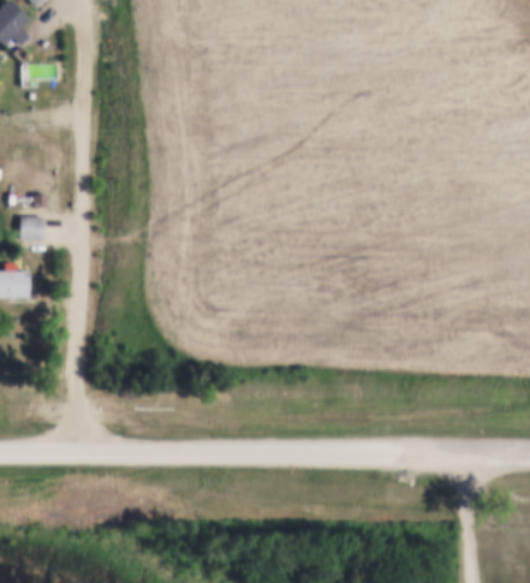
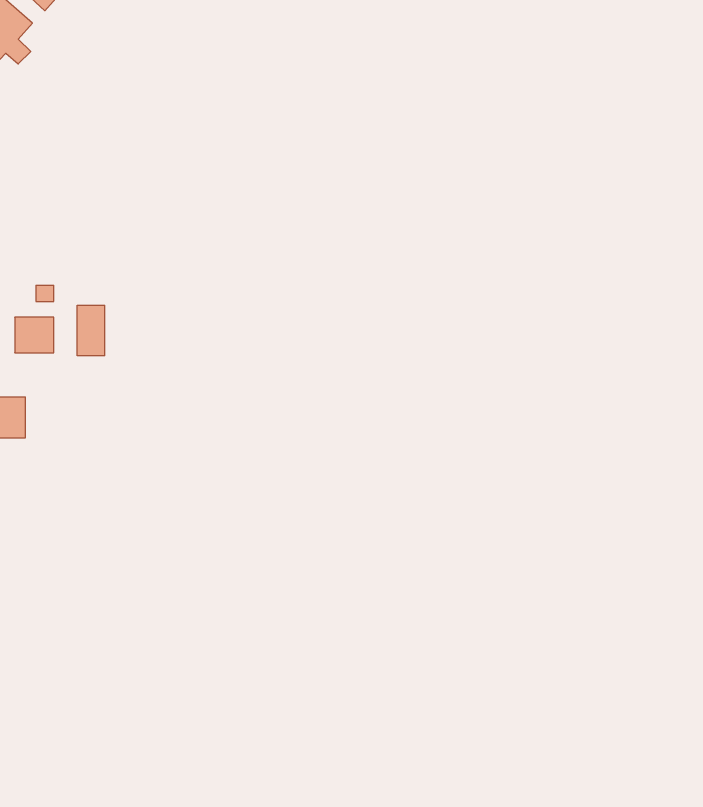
building: none -> [77,305,105,356]

